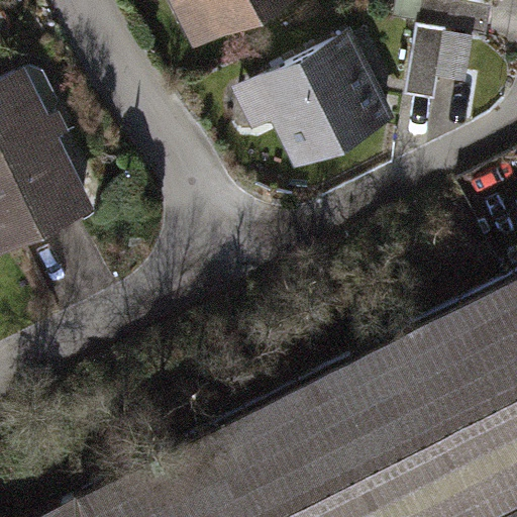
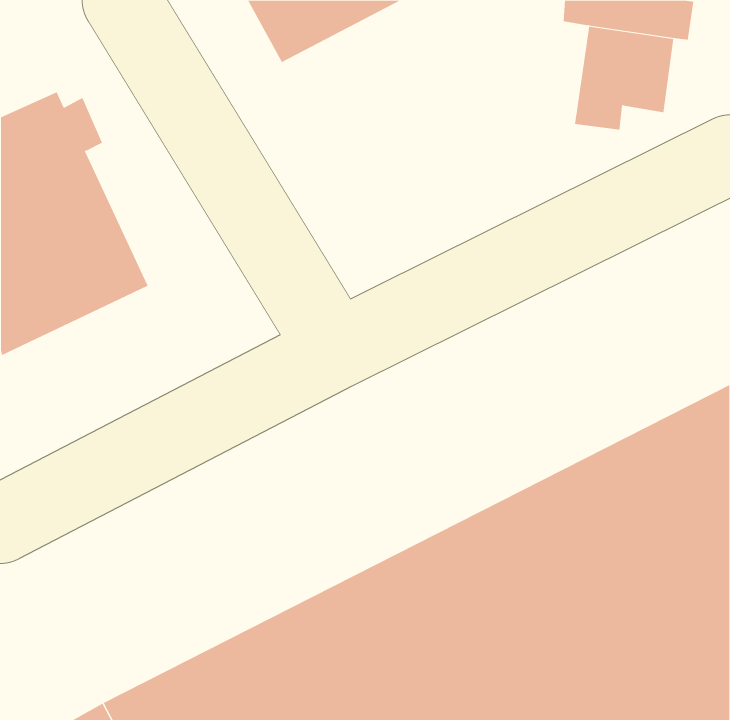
building: [232,40,392,165] -> none

